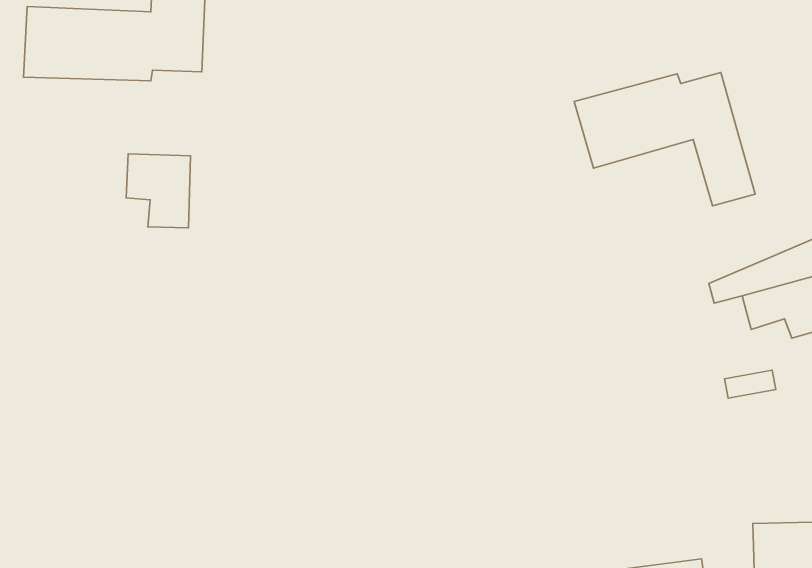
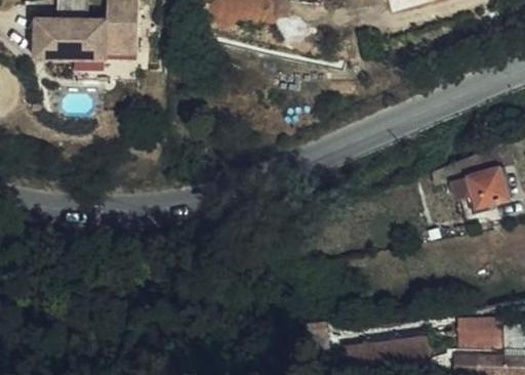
building: [574,72,755,206] -> none
building: [126,154,191,228] -> none

